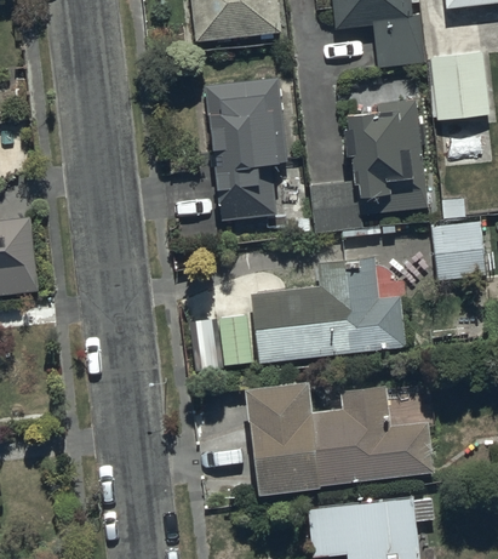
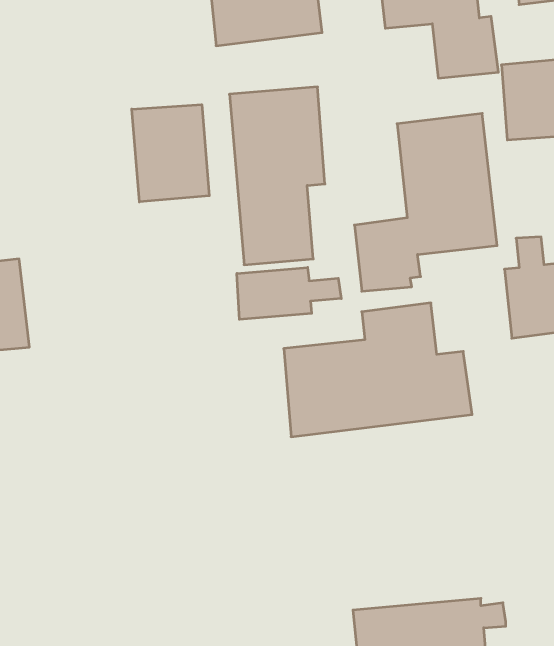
building: none -> [132,105,209,202]
building: none -> [237,267,341,319]
building: [244,375,433,490] -> none

